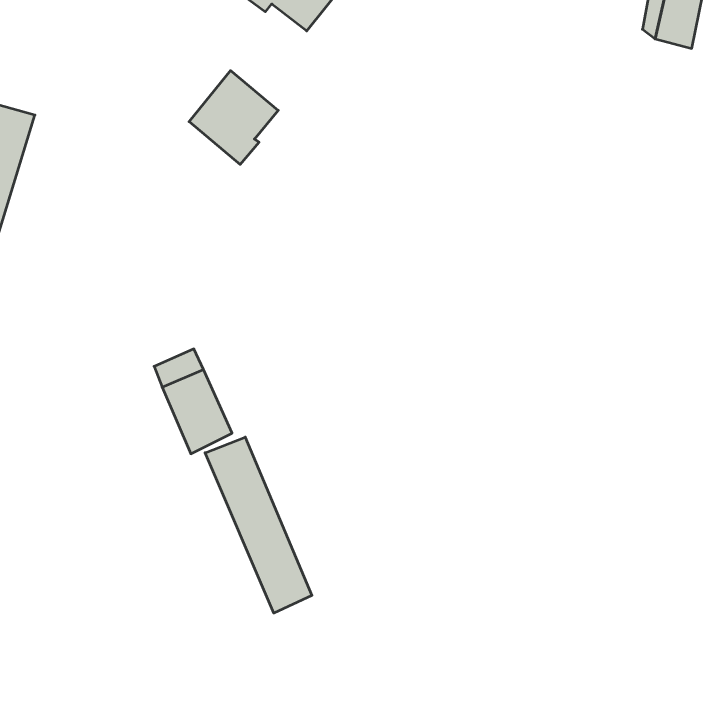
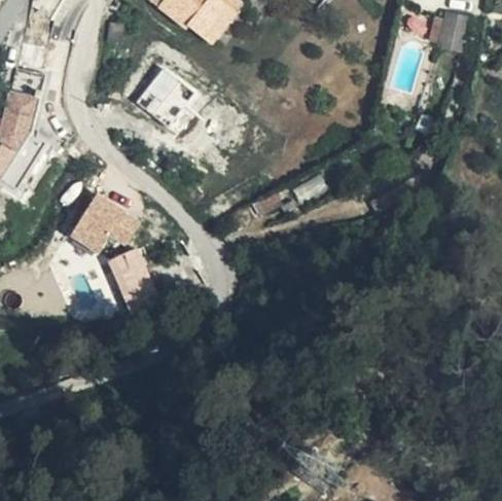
building: none -> [67,191,142,255]
building: [205,437,312,613] -> none

